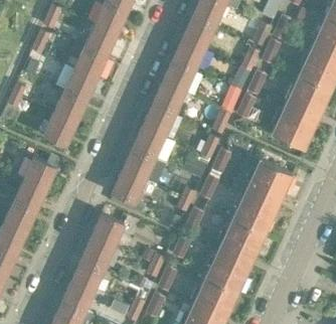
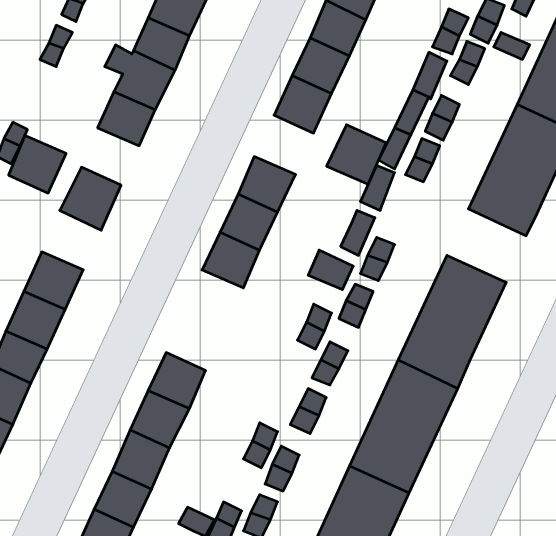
building: [152,80,185,114] -> [327,125,386,184]
building: [55,88,88,120] -> [9,135,66,193]
building: [111,167,146,206] -> none

